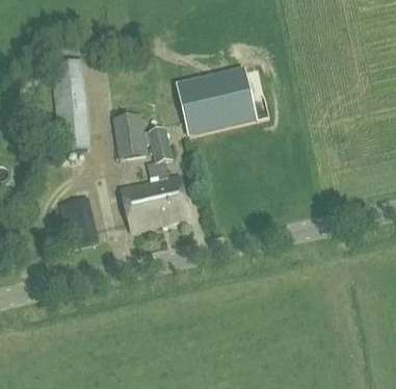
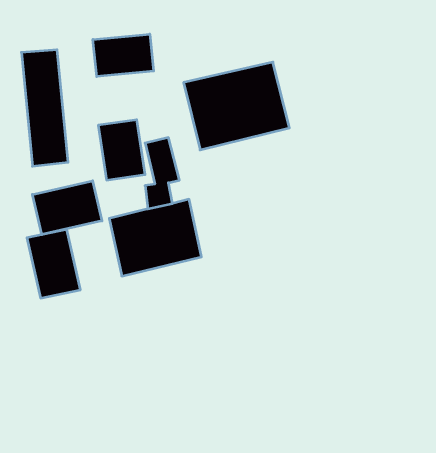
building: none -> [93,34,154,77]
building: none -> [32,181,102,235]

